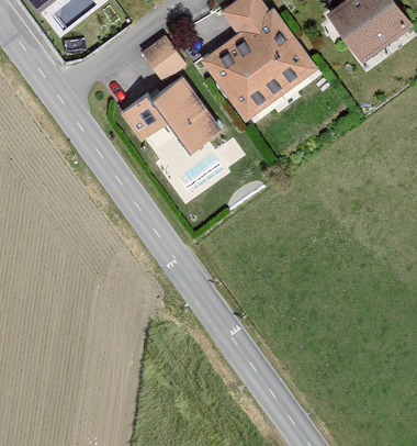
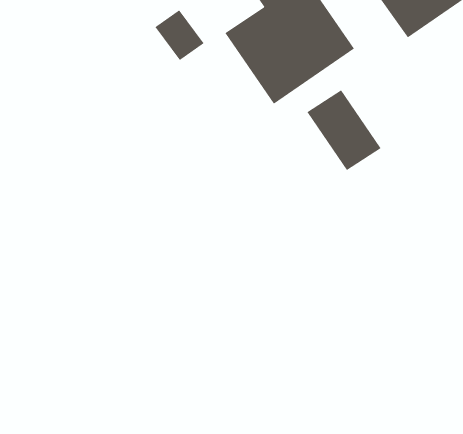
building: [154,78,219,149] -> [306,89,382,171]
building: [122,98,165,141] -> none

